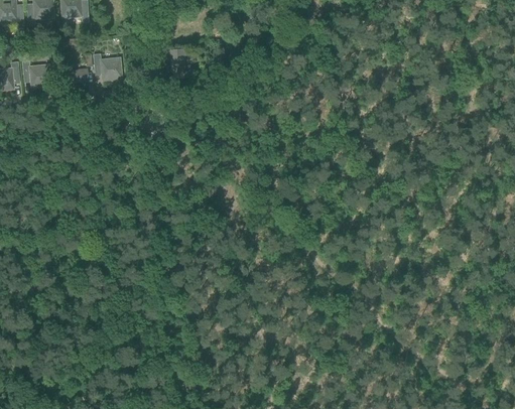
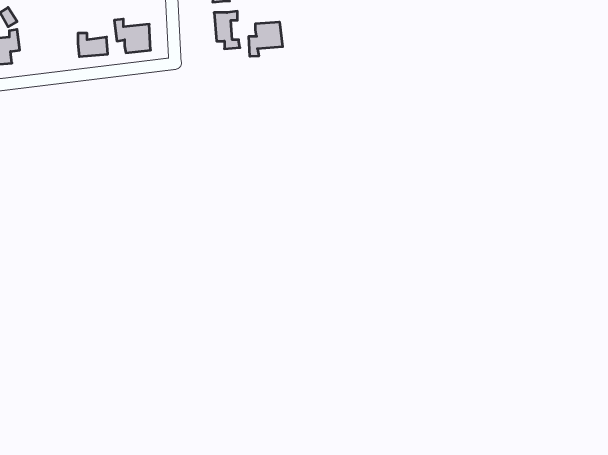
building: none -> [249,22,283,56]
building: [22,60,50,87] -> none

